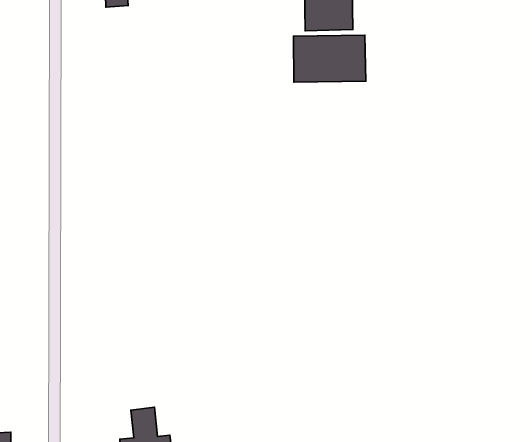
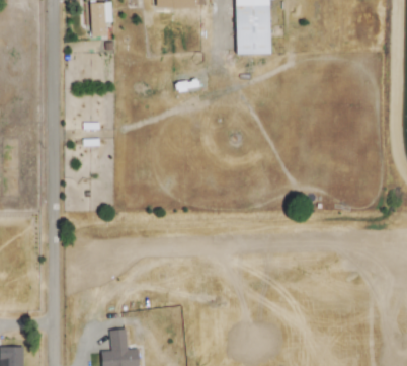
building: [294,35,366,82] -> none

